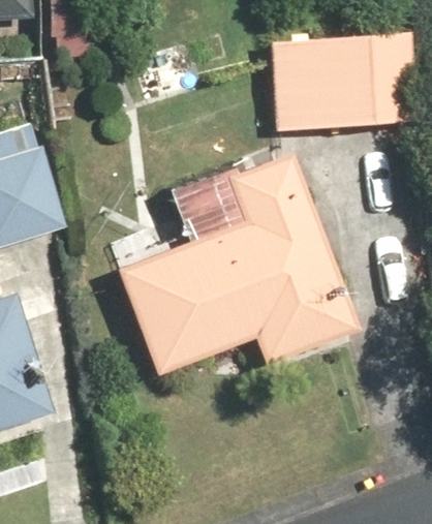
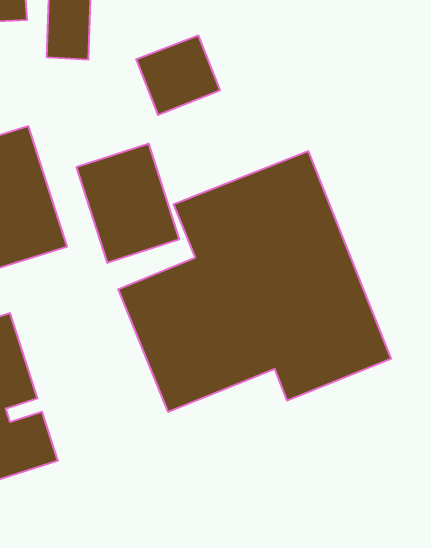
building: [251,34,395,129] -> none
building: none -> [77,143,179,263]

